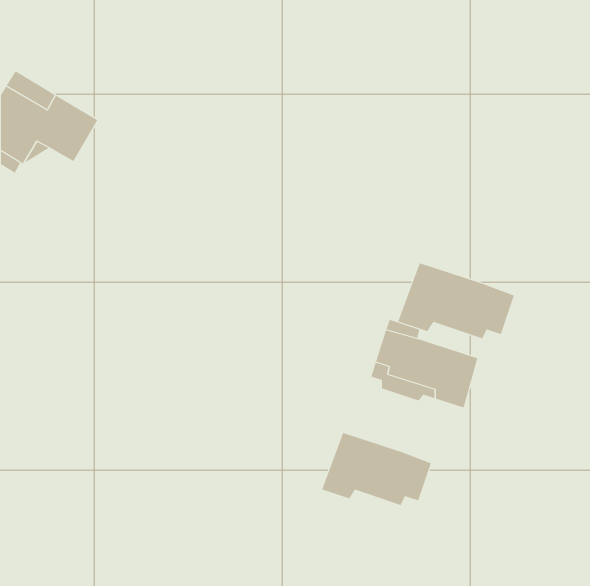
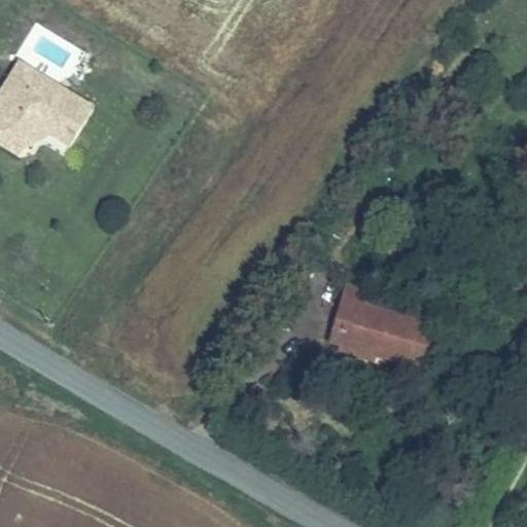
building: [398,263,514,339] -> none
building: [322,432,431,506] -> none

